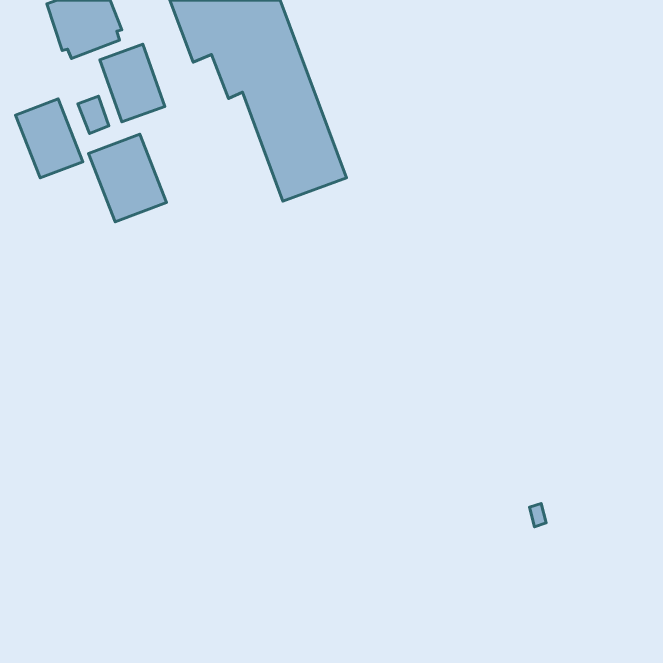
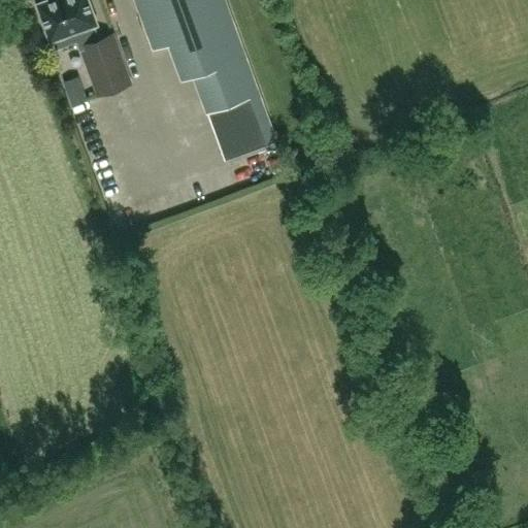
building: [16,99,83,178] -> none
building: [89,134,166,222] -> none

